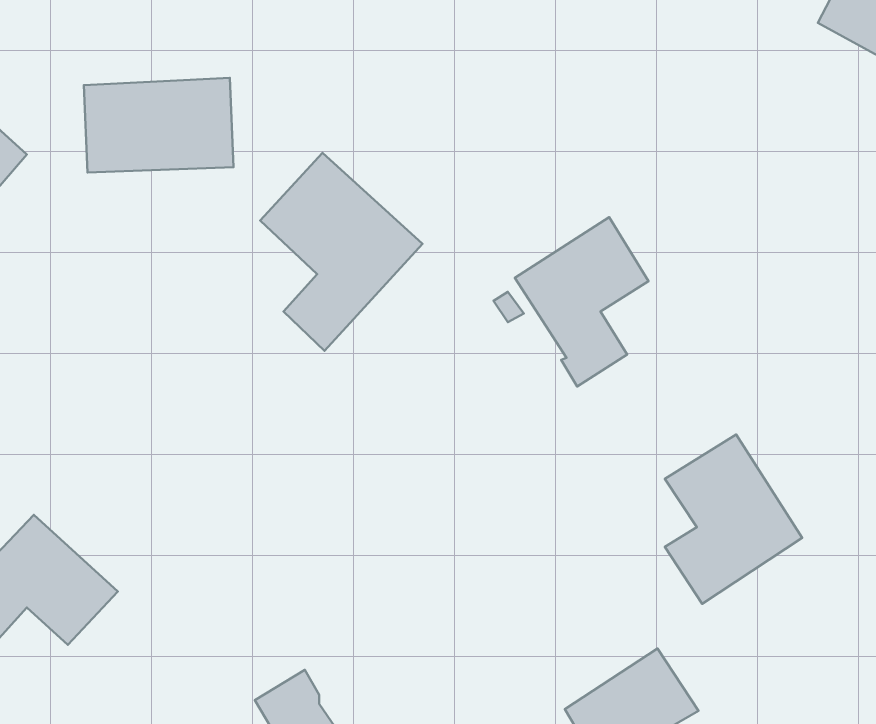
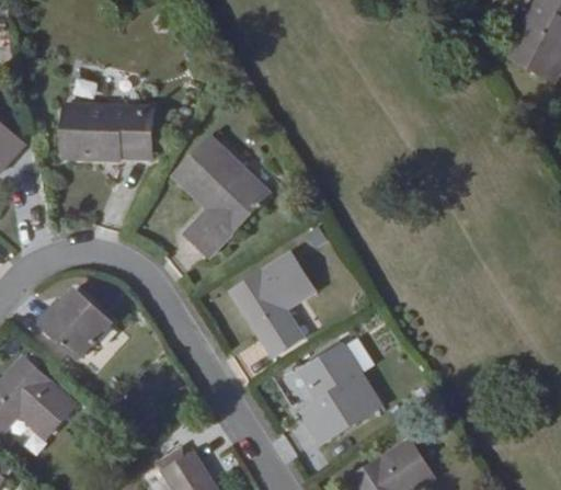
building: [515,217,649,387] -> [233,252,316,356]
building: none -> [44,288,115,361]
building: [665,434,802,604] -> [298,341,382,445]

